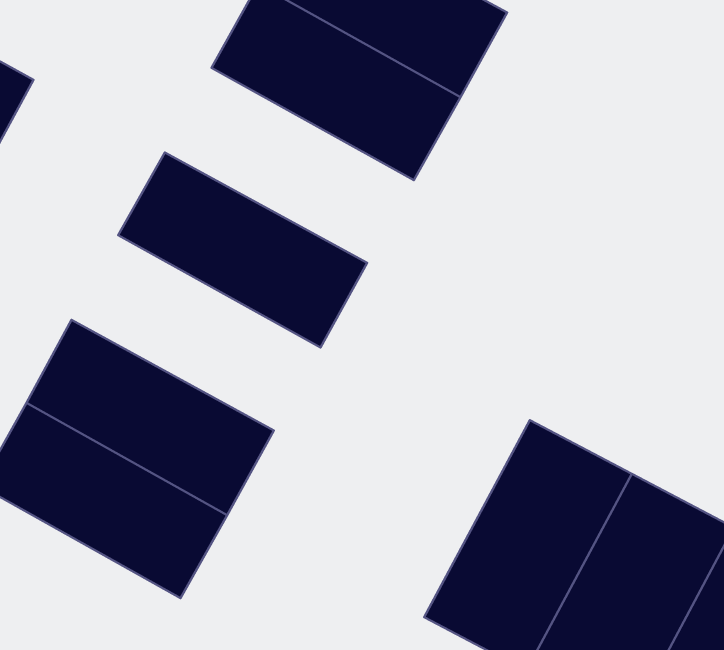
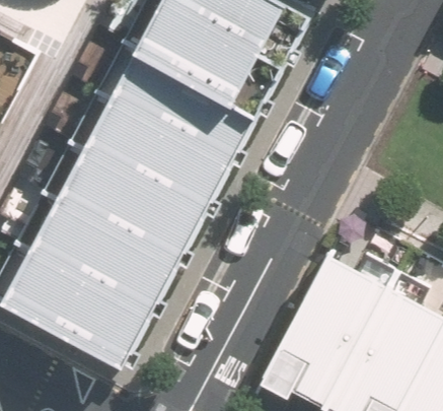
building: none -> [110,50,256,164]
building: none -> [56,148,202,263]

